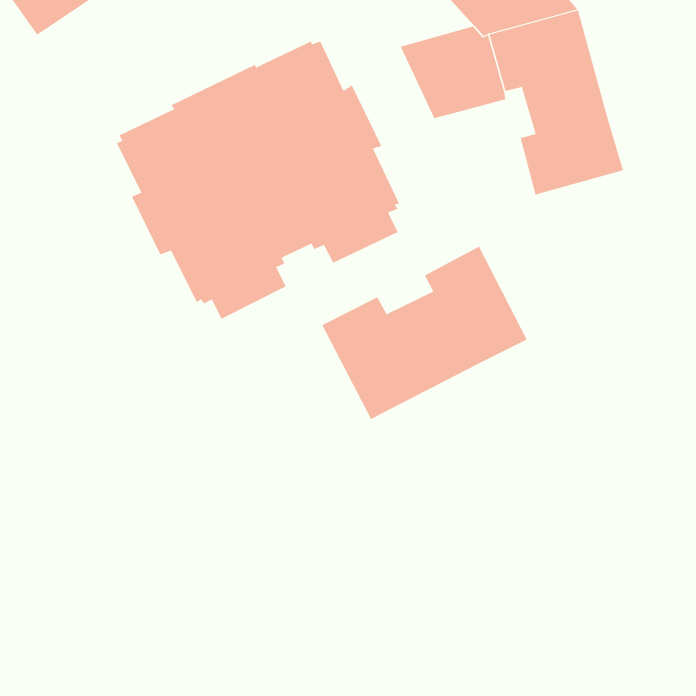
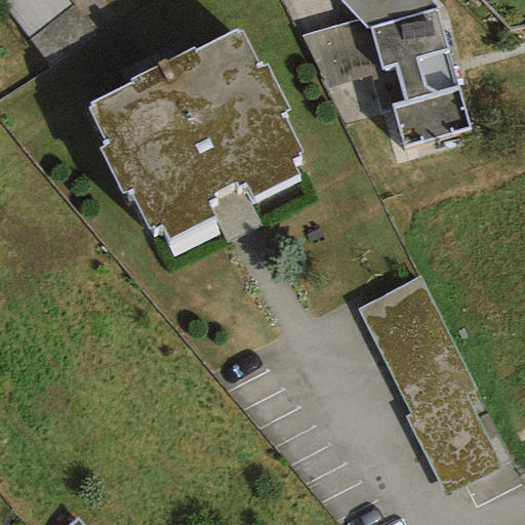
building: [322,246,527,420] -> none
building: none -> [360,275,510,486]

